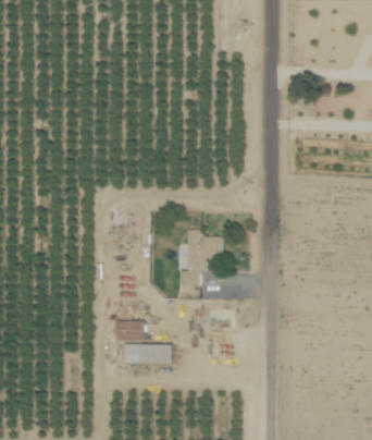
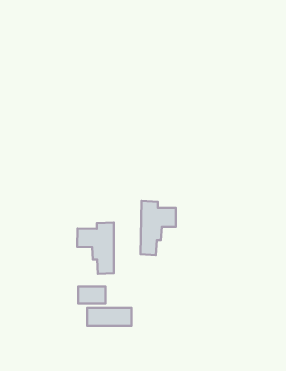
building: none -> [77,223,114,274]

